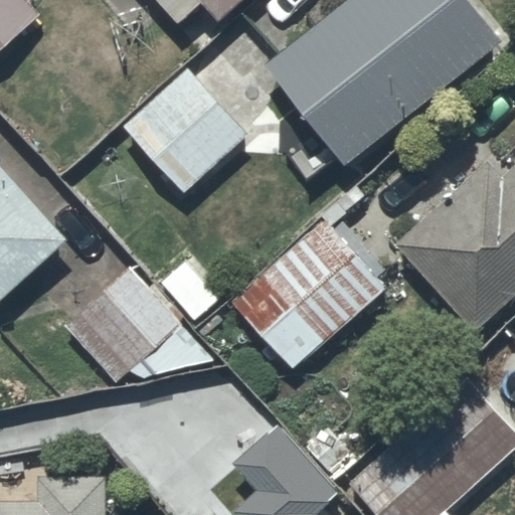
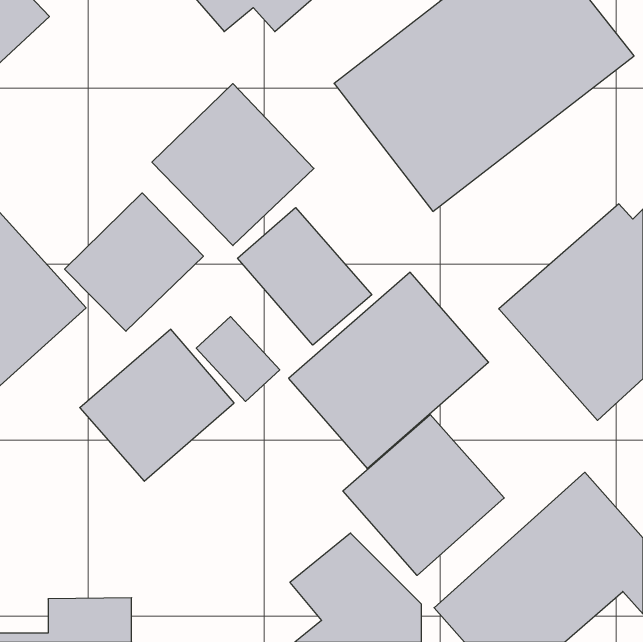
building: none -> [65,193,203,331]
building: none -> [238,208,372,345]
building: none -> [343,415,504,575]

